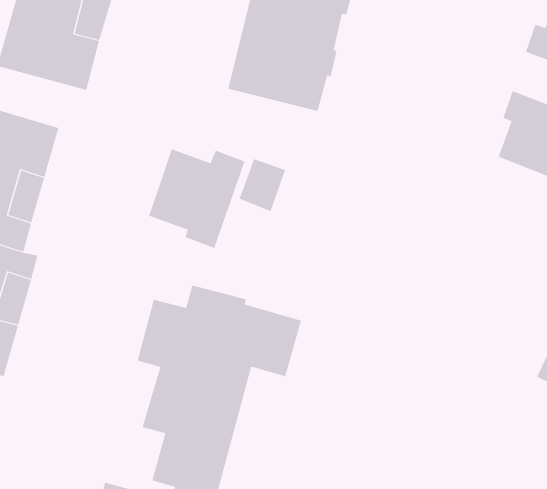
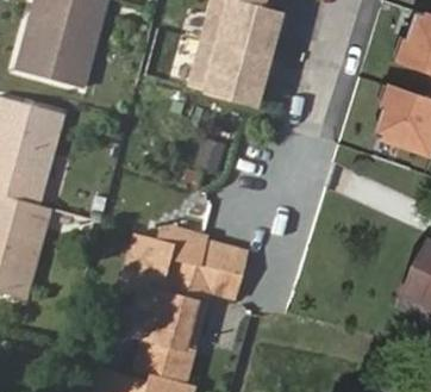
building: [148,148,245,249] -> none

